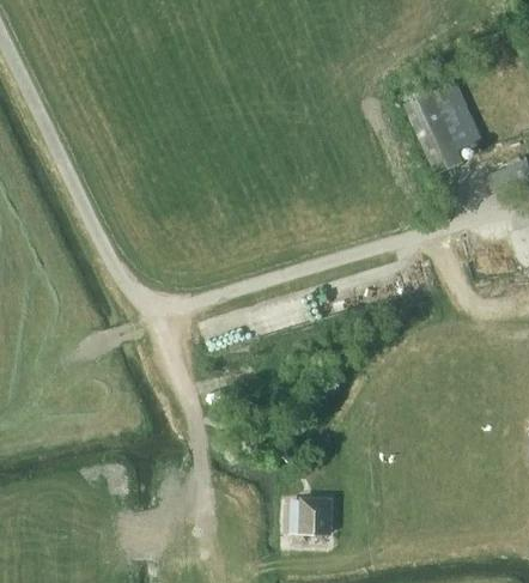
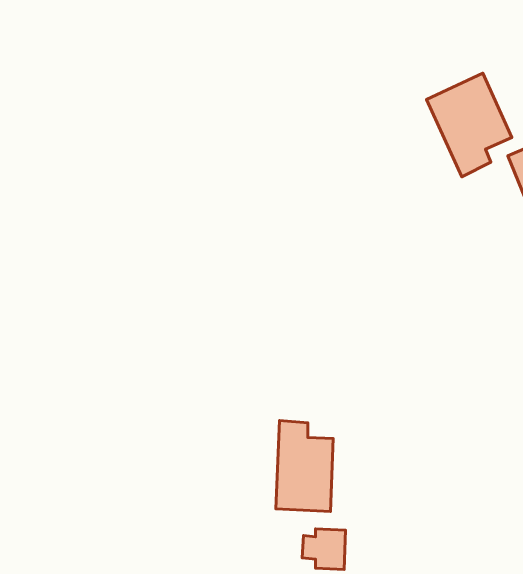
building: none -> [276,420,333,511]

